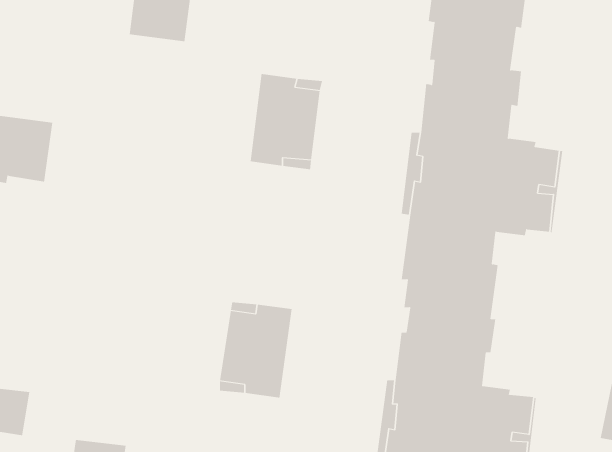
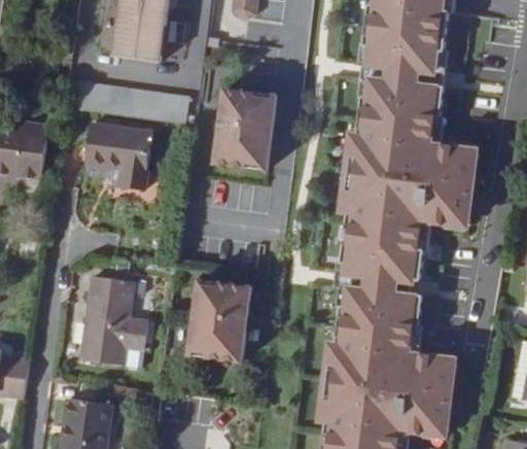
building: none -> [64,80,187,124]
building: none -> [84,124,151,188]
building: none -> [80,275,145,367]

